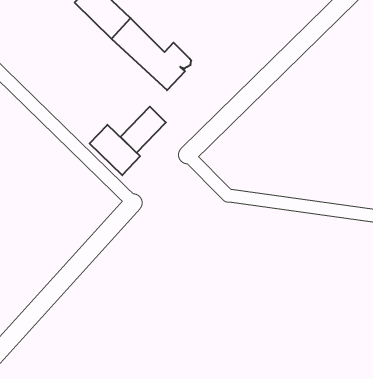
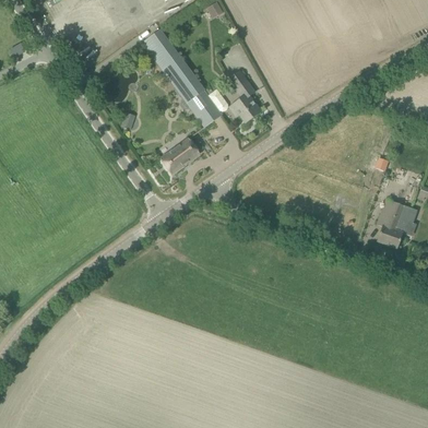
building: none -> [229,71,261,122]
building: [90,125,140,175] -> none

